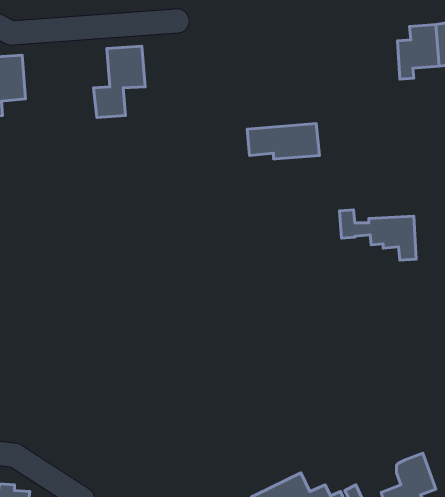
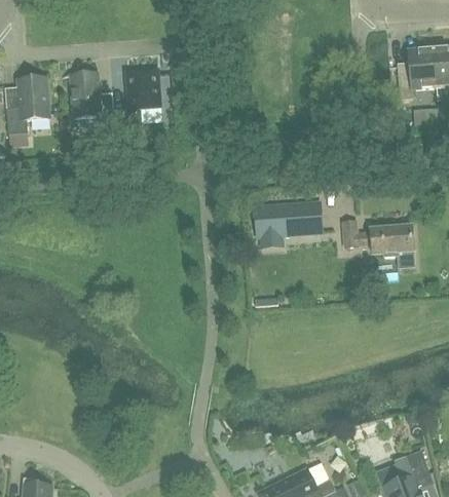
building: none -> [69,72,115,136]
building: [247,124,320,159] -> [254,201,322,234]

